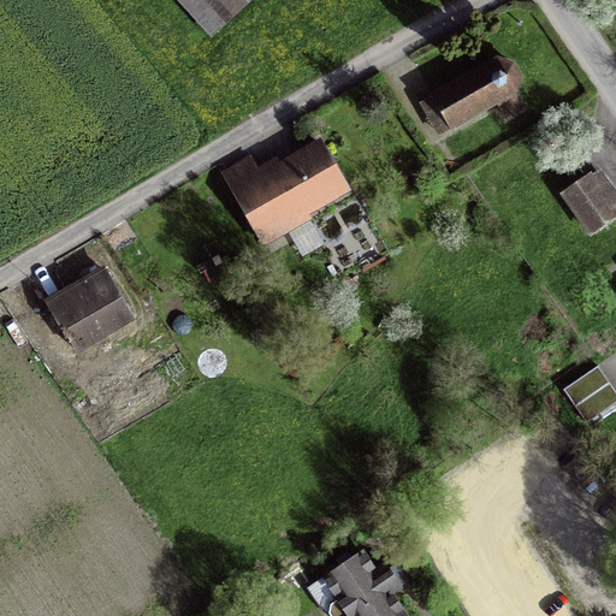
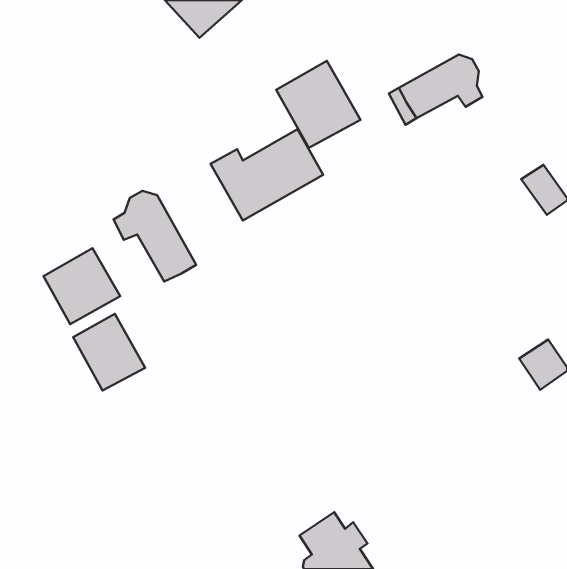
building: none -> [276,61,360,148]
building: none -> [113,191,196,282]
building: none -> [73,314,145,390]

